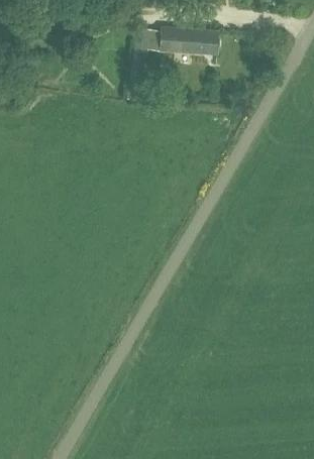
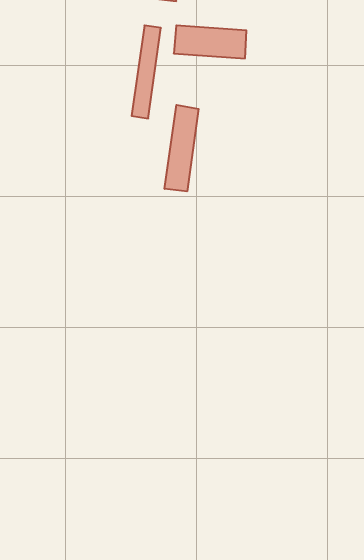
building: none -> [165,105,199,191]

